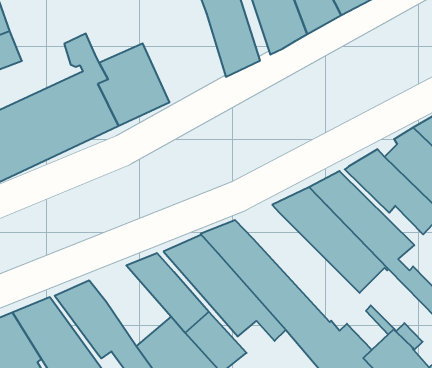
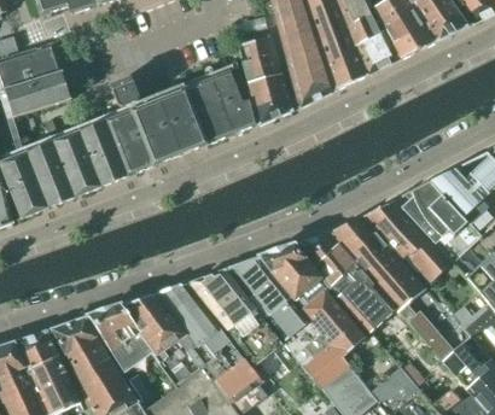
building: none -> [182,64,257,144]
building: none -> [258,244,369,355]
building: none -> [121,292,194,367]

